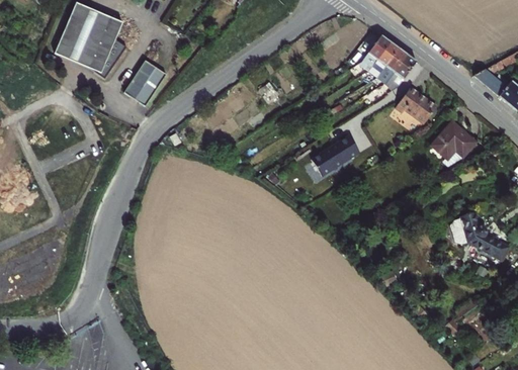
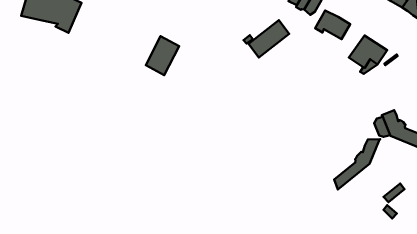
building: [124,60,166,105] -> [146,36,179,75]
building: [311,134,359,175] -> [249,20,289,57]
building: none -> [334,139,380,190]

